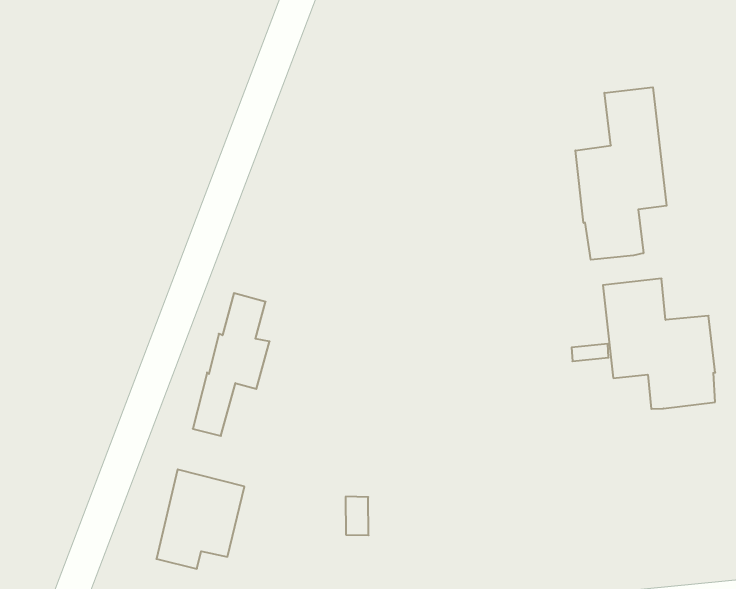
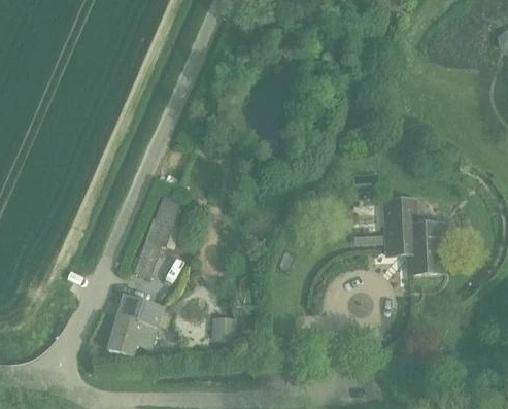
building: [575,87,667,260] -> none

